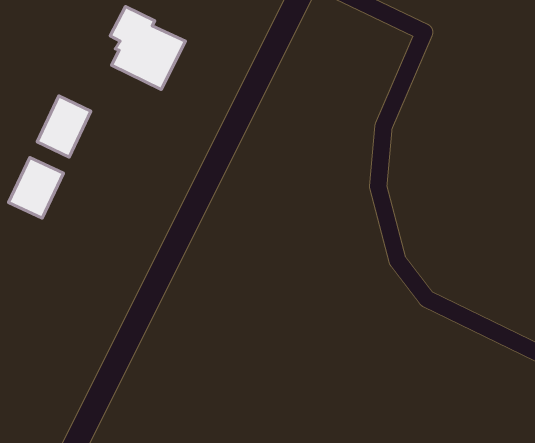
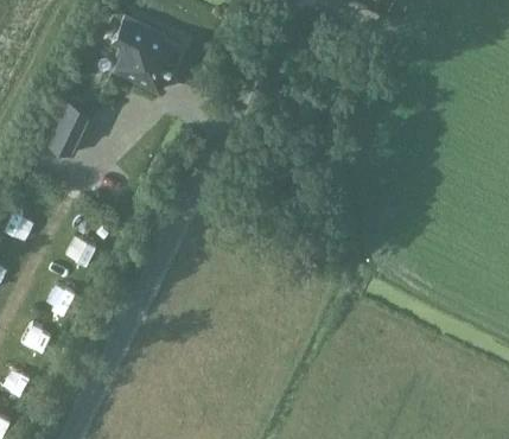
building: [8,157,64,218] -> none

